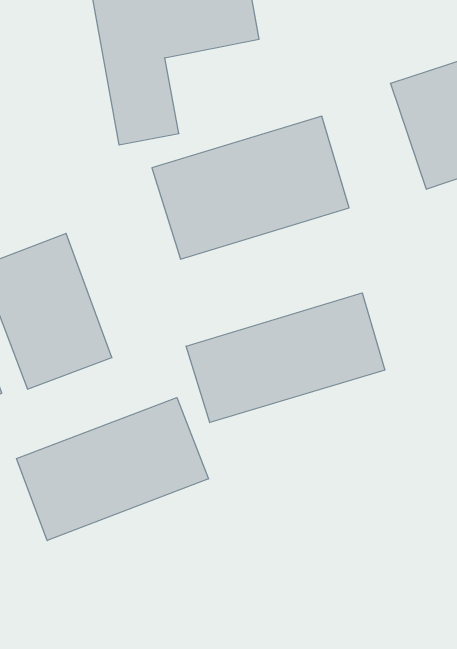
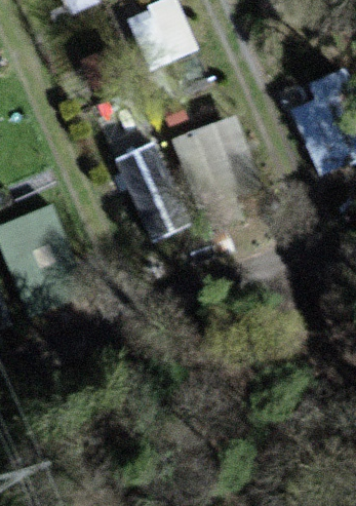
building: [186,293,385,423] -> none
building: [17,398,209,541] -> none

